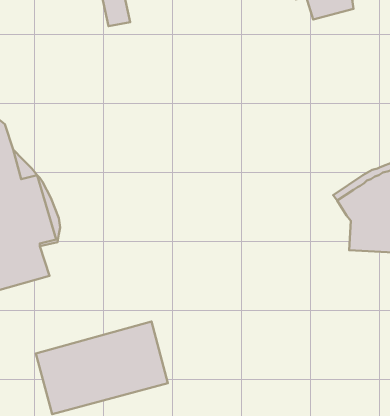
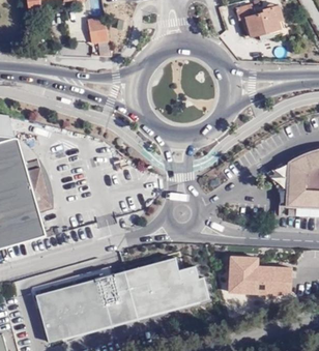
building: none -> [124,257,209,318]
building: none -> [228,258,290,293]

